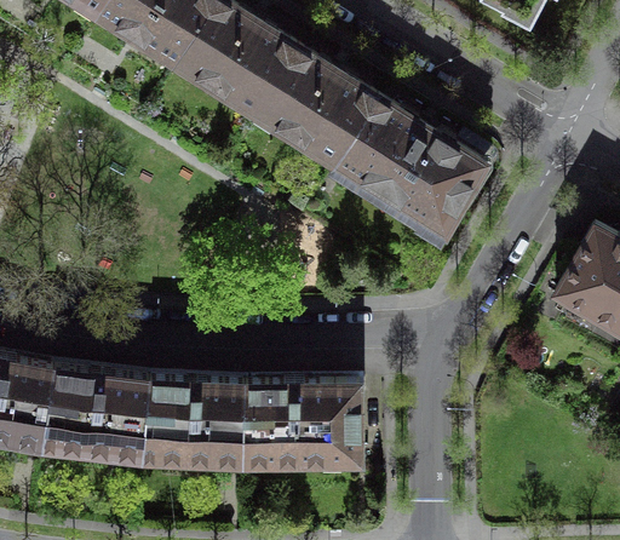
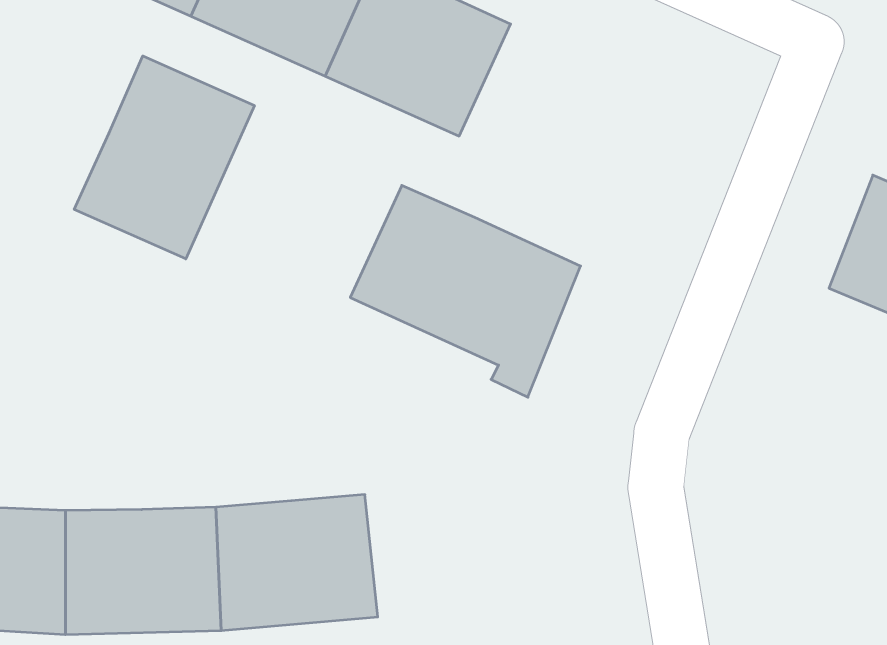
building: none -> [74,56,254,259]
building: [335,97,484,242] -> [350,185,581,397]
building: [242,381,360,470] -> none

